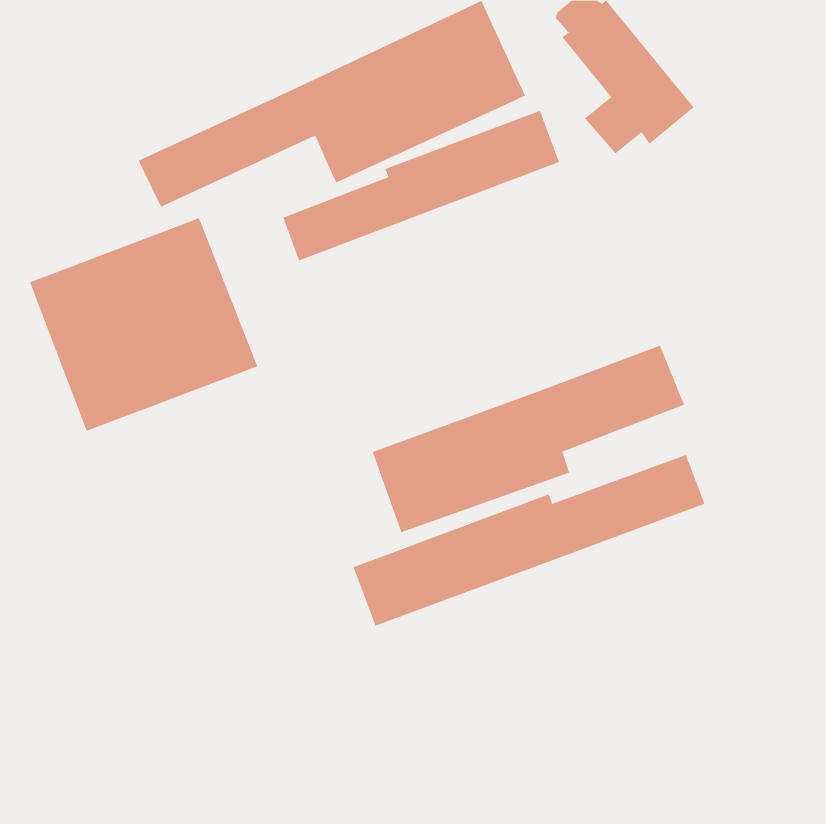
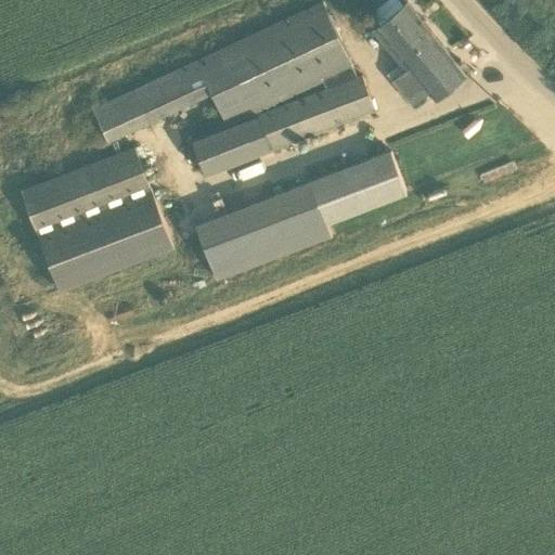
building: [372,345,685,533] -> [196,153,405,279]
building: [353,454,705,627] -> none

